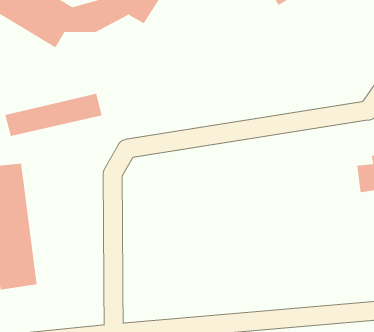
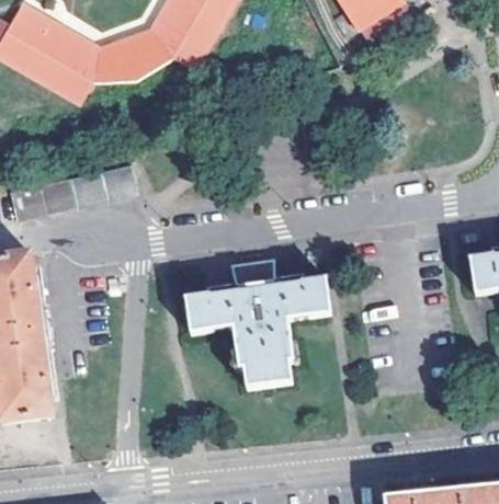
building: none -> [186,257,332,389]

